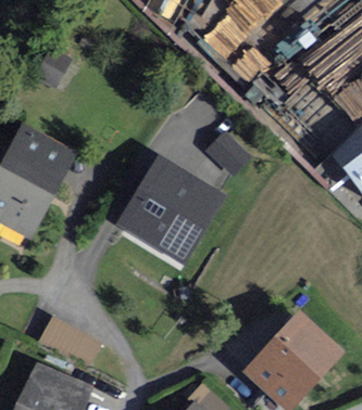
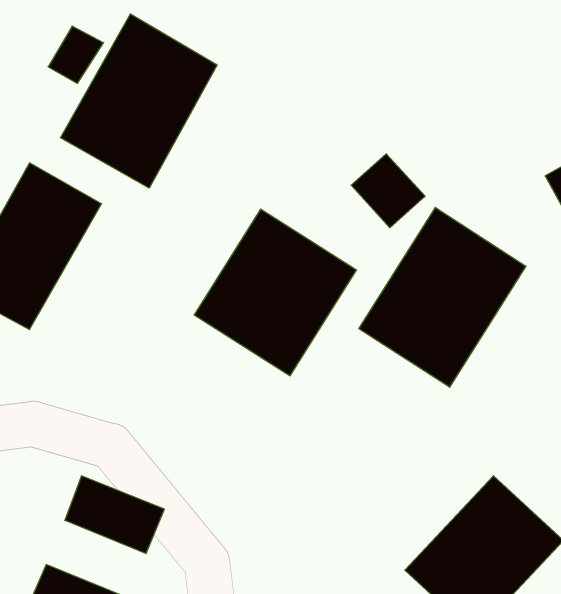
building: none -> [60,14,217,188]
building: none -> [359,207,526,387]

